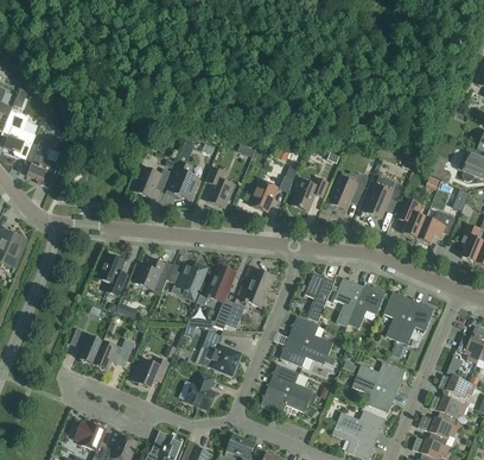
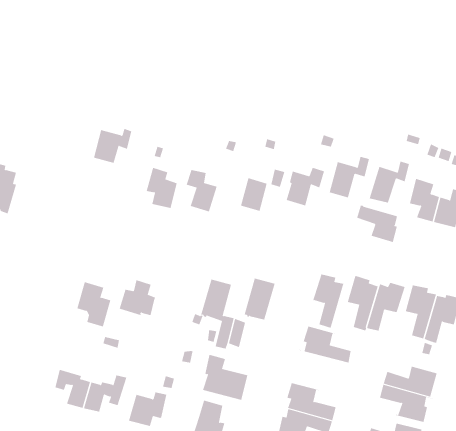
building: [133,166,170,197] -> [93,128,132,163]
building: none -> [357,205,405,243]
building: [166,261,206,300] -> none
building: [279,336,329,367] -> none

